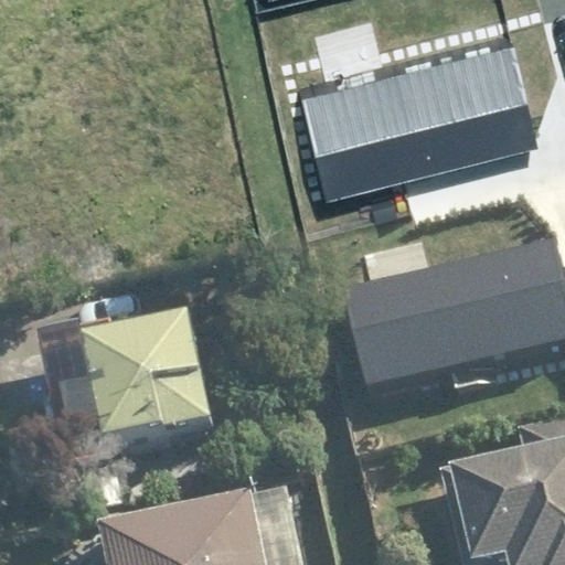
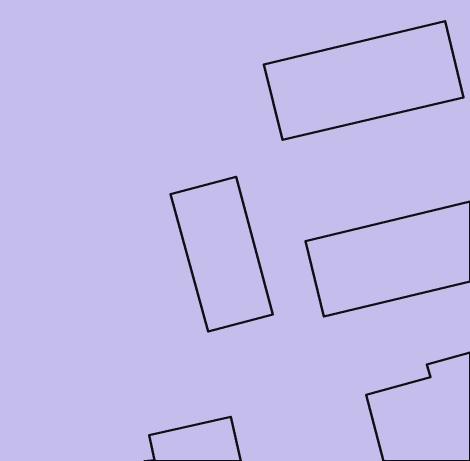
building: none -> [171,177,273,332]
building: [26,320,212,486] -> none

